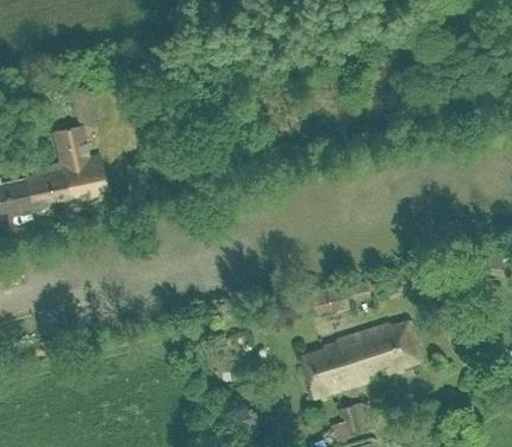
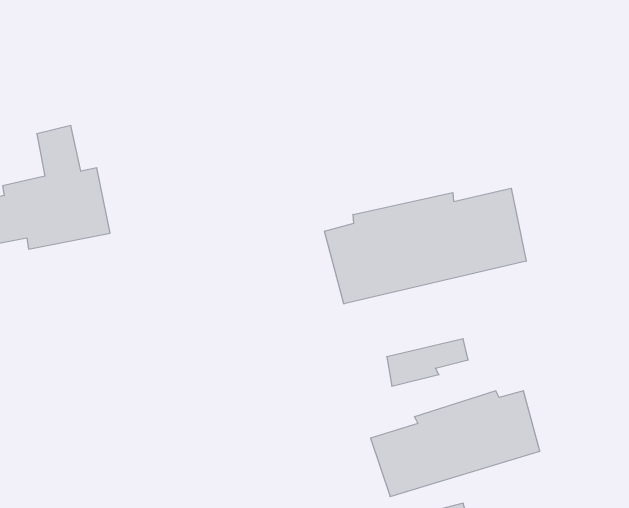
building: none -> [325,188,526,304]

